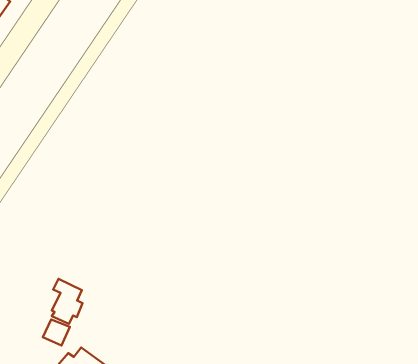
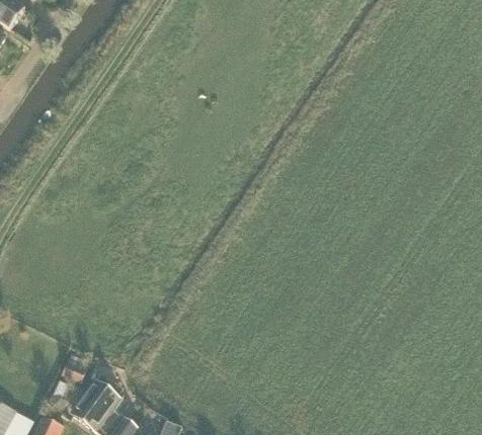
building: [52,279,82,324] -> none

